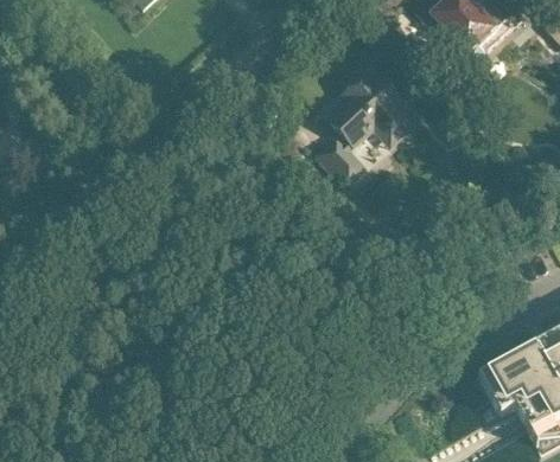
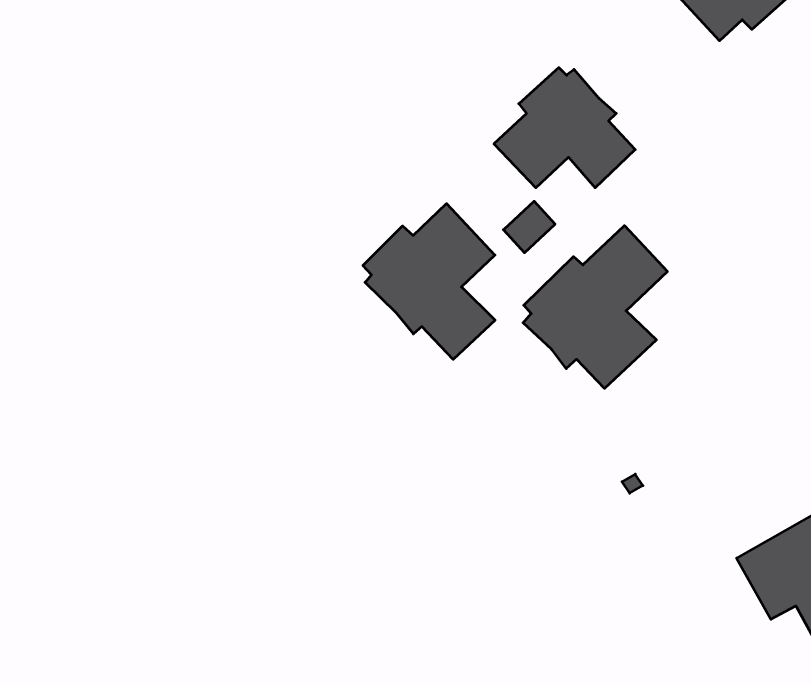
building: none -> [363,204,495,359]
building: none -> [523,226,667,388]

